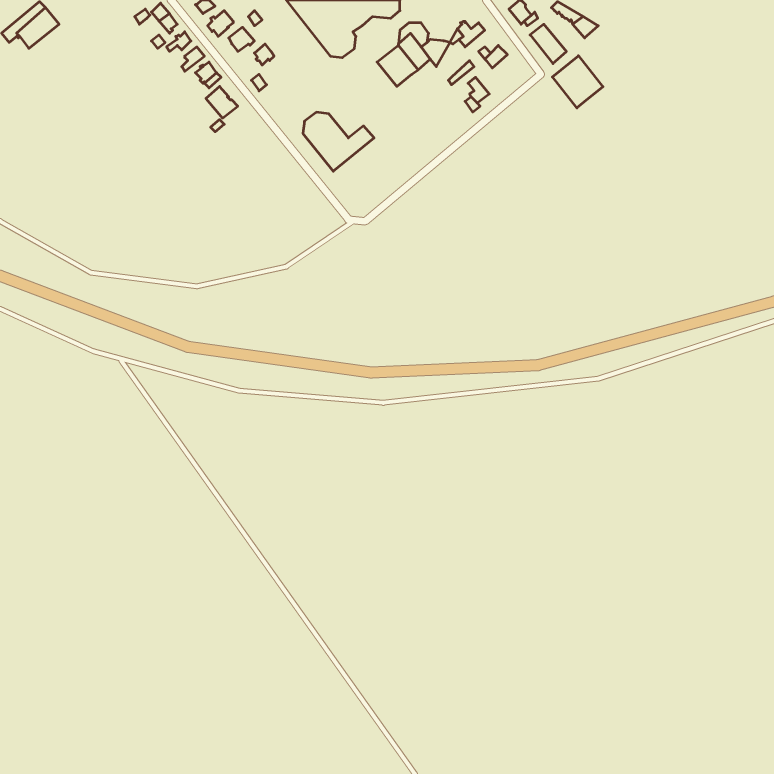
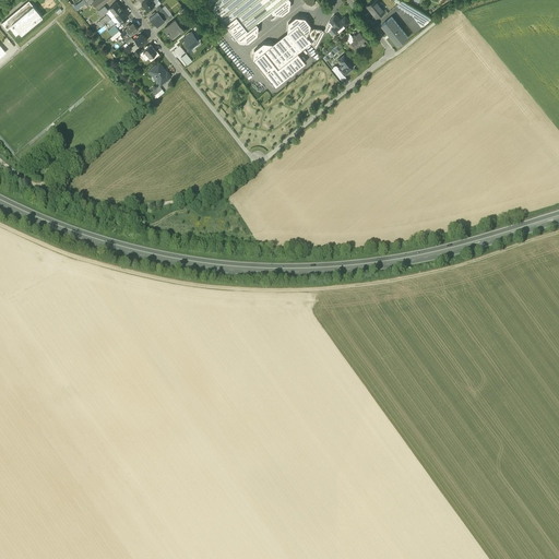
building: [552,56,603,108] -> none
building: [303,112,374,171] -> [253,44,305,86]

